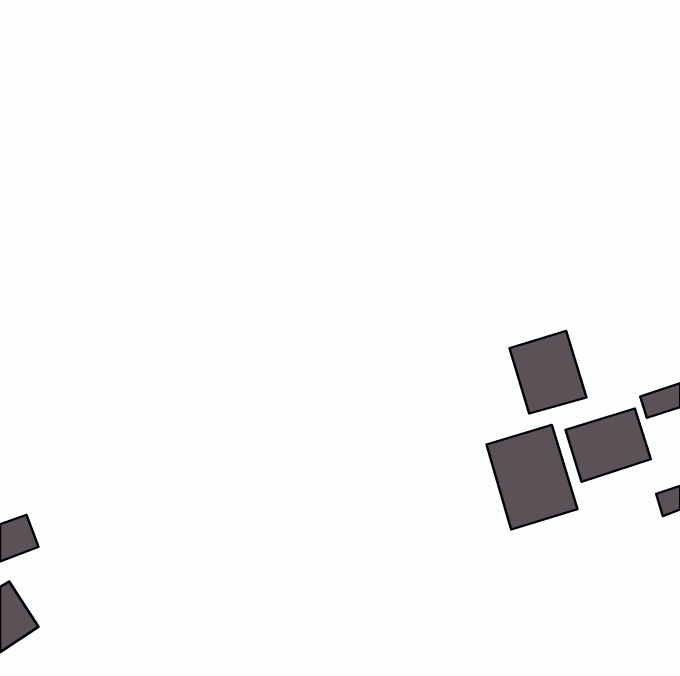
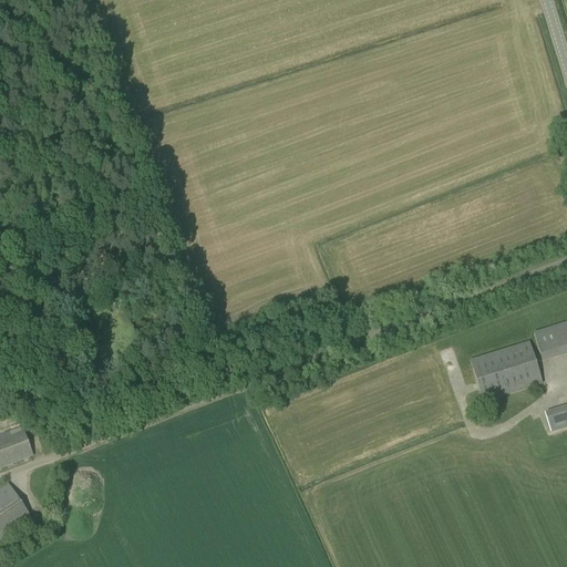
building: [509,331,587,413] -> none
building: [487,425,578,529] -> none

